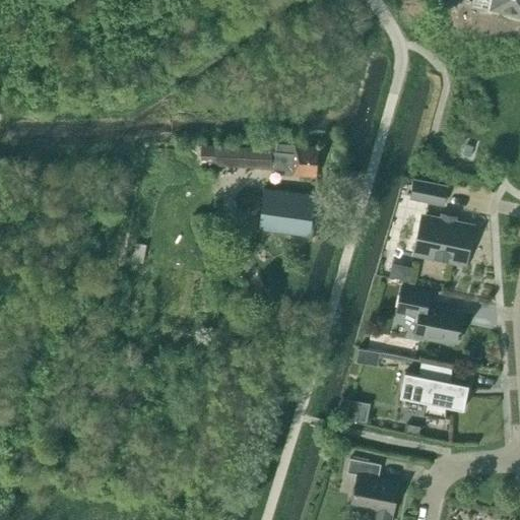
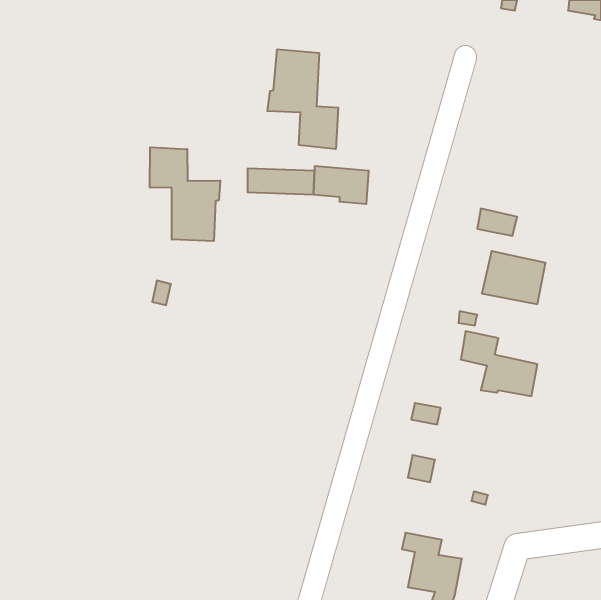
building: none -> [267,49,338,149]
building: none -> [150,147,220,241]
building: [251,190,315,238] -> none
building: [399,363,468,420] -> none

